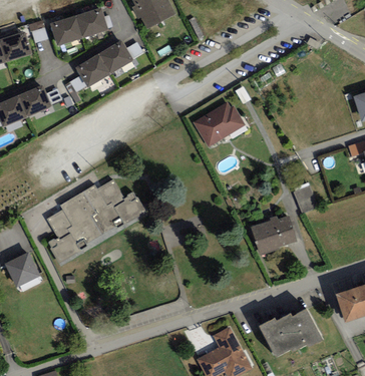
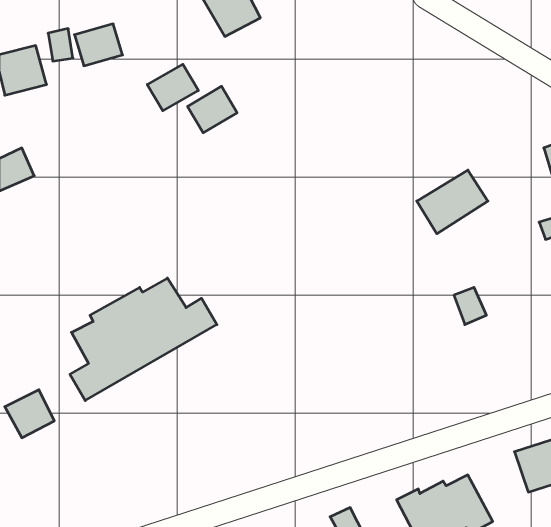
building: [75,10,106,37] -> none
building: [75,56,107,86] -> [188,86,237,133]
building: [16,86,48,115] -> none
building: [195,104,241,145] -> [417,170,488,234]
building: [250,218,294,254] -> none

